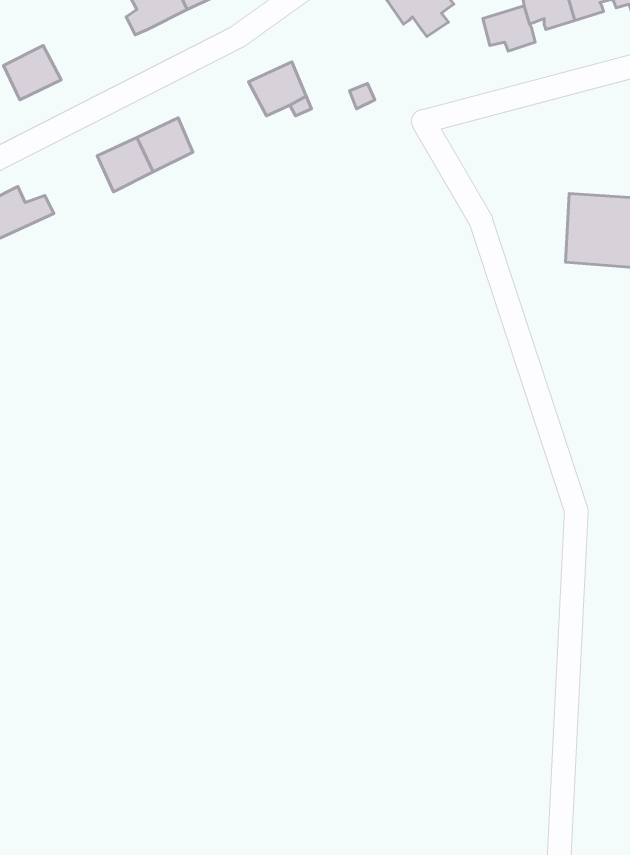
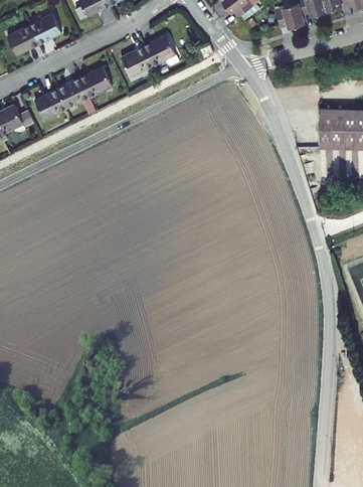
building: none -> [28,14,60,45]
building: none -> [121,46,153,76]
building: none -> [35,88,67,119]

